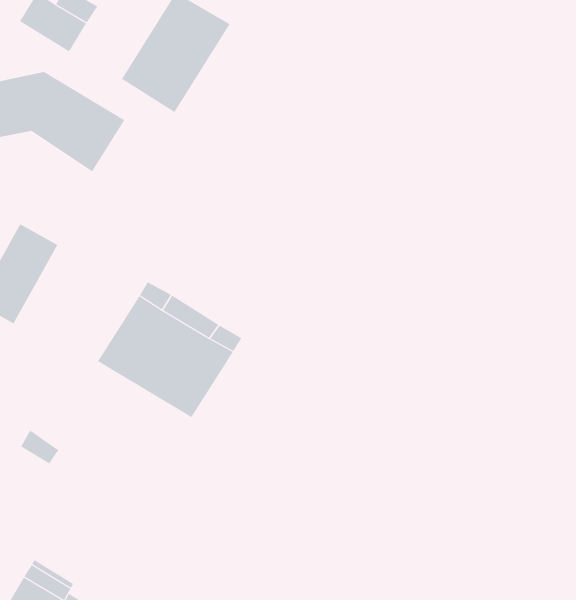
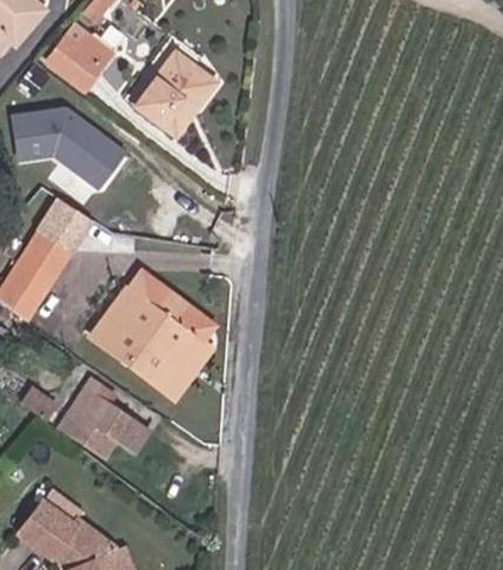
building: none -> [40,200,88,246]
building: none -> [65,381,153,459]

